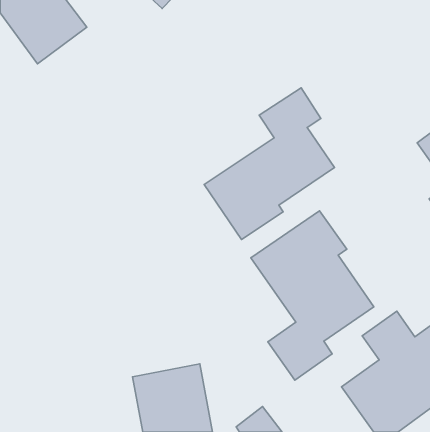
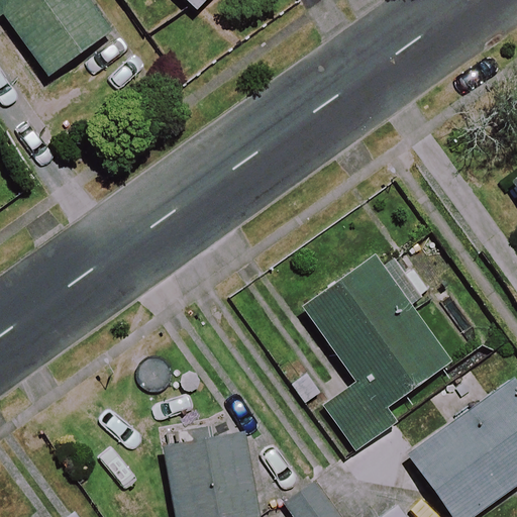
building: [204,88,334,239] -> none

